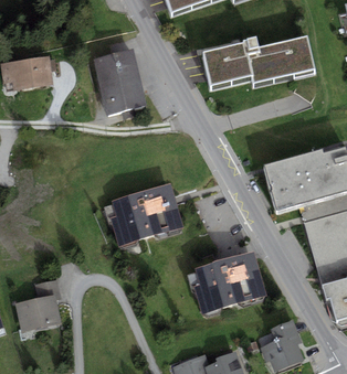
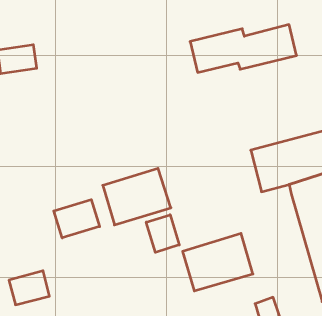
building: [94,43,148,108] -> none
building: none -> [54,200,100,238]
building: none -> [146,215,179,252]

